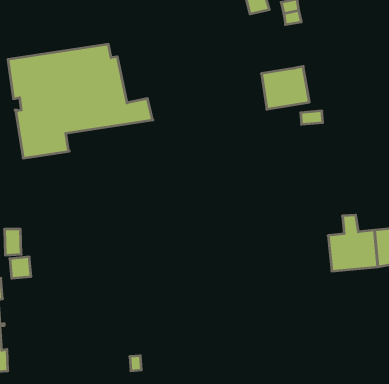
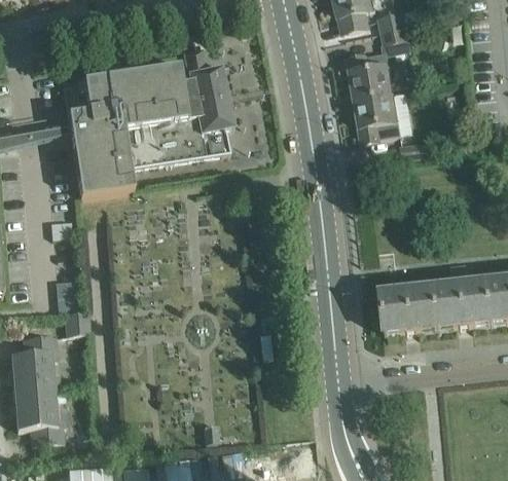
building: none -> [183,46,233,132]
building: none -> [349,49,394,98]
building: none -> [379,285,437,332]

